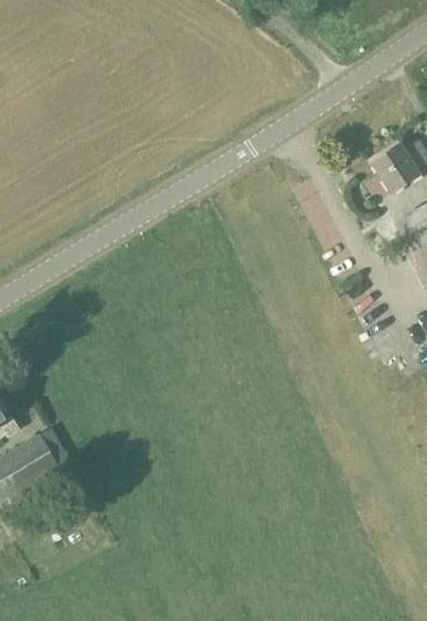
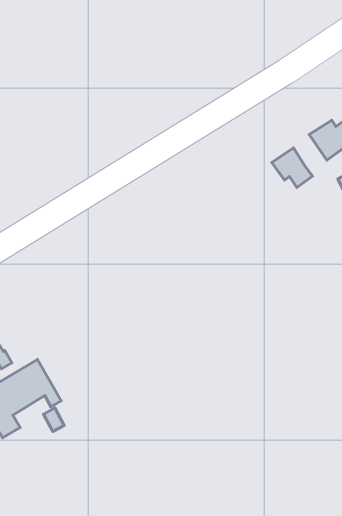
building: none -> [272,148,313,187]

